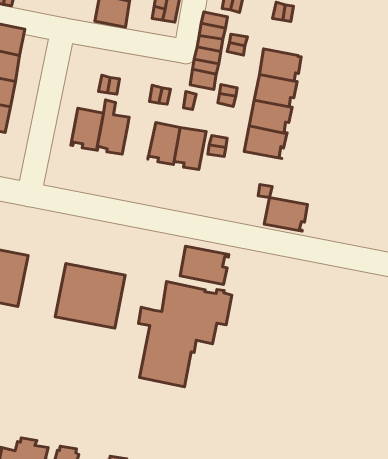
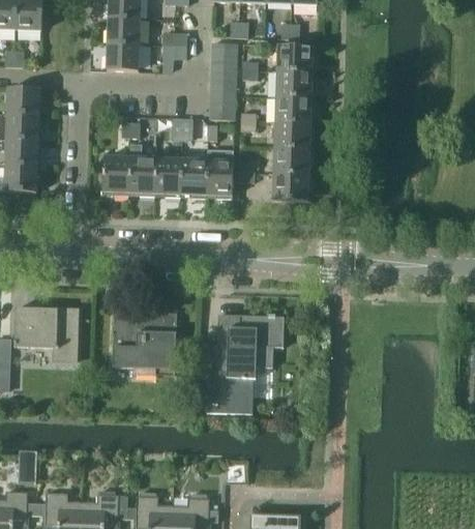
building: none -> [276,45,316,71]
building: none -> [154,158,182,197]
building: [264,198,307,231] -> [272,174,311,202]
building: [180,246,229,284] -> none

